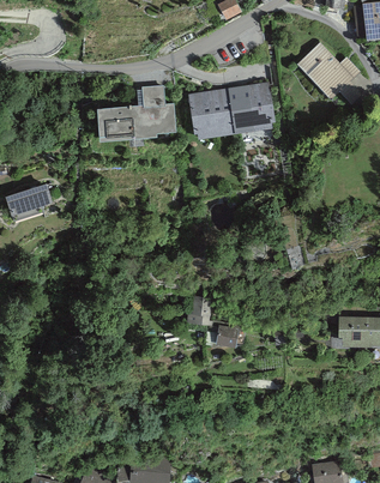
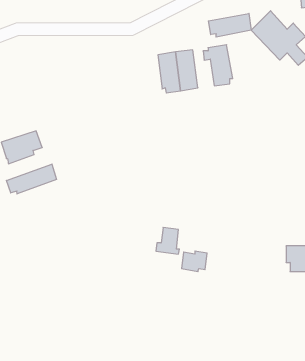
building: none -> [208,13,251,37]
building: [97,85,176,140] -> none
building: none -> [6,164,56,194]

